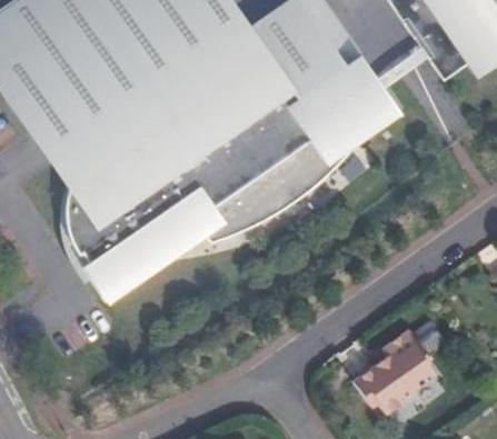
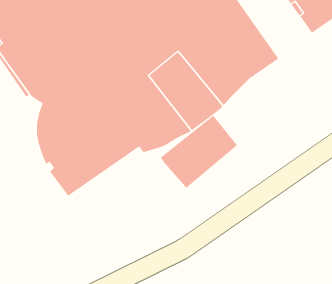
building: none -> [160,115,238,189]
building: [351,319,433,406] -> none

